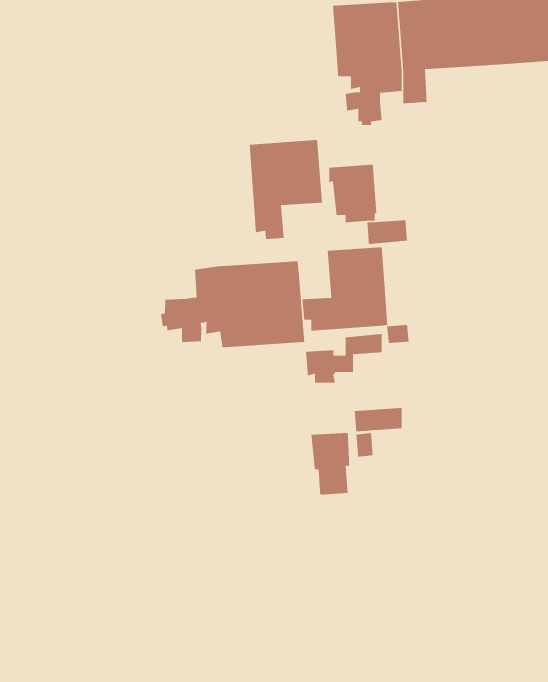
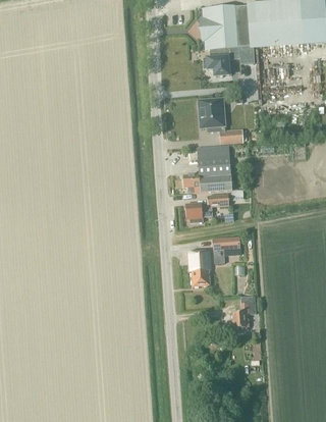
building: [249,139,323,240] -> none
building: [160,260,305,348] -> none
building: none -> [232,296,256,327]

